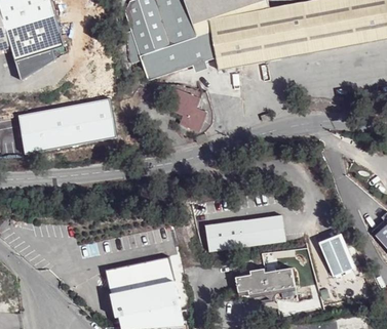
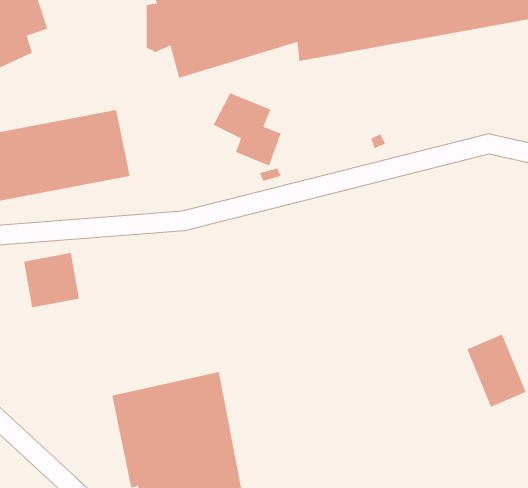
building: none -> [23,252,80,308]
building: [205,212,285,249] -> none
building: [236,264,296,292] -> none

